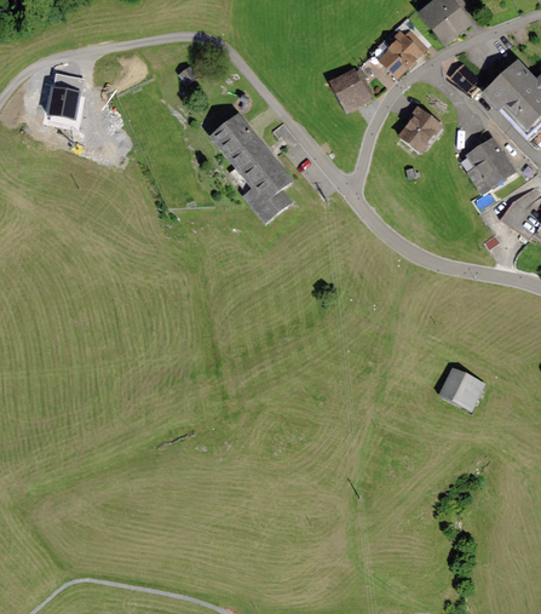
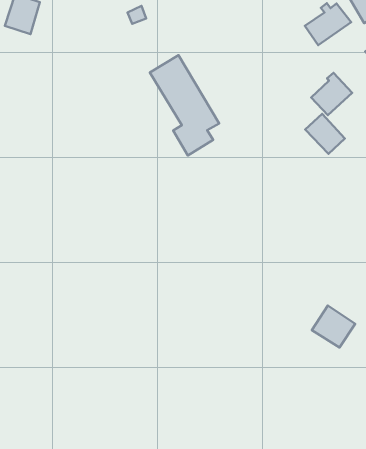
building: [328,67,372,110] -> none
building: none -> [305,114,345,154]

